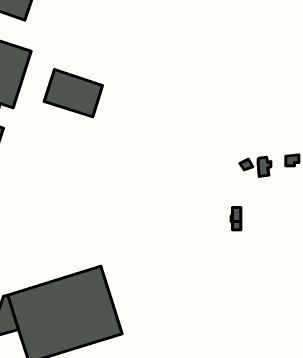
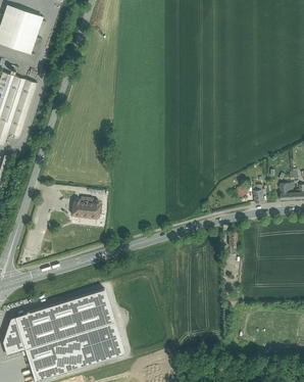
building: [44,69,103,117] -> none
building: none -> [71,198,99,219]

